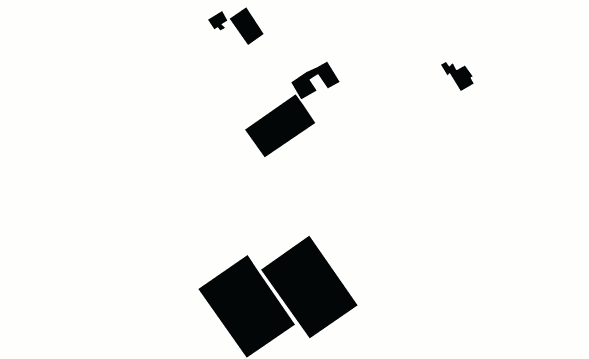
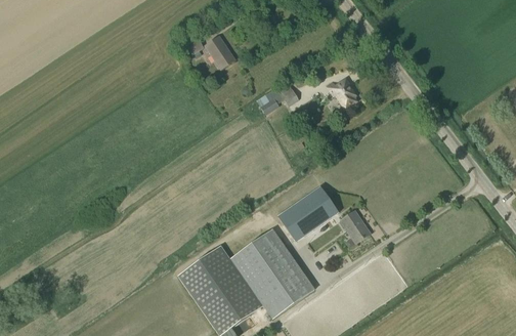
building: [440,61,475,92] -> [327,81,356,108]
building: [244,93,316,158] -> [276,186,338,242]
building: none -> [340,209,371,247]

